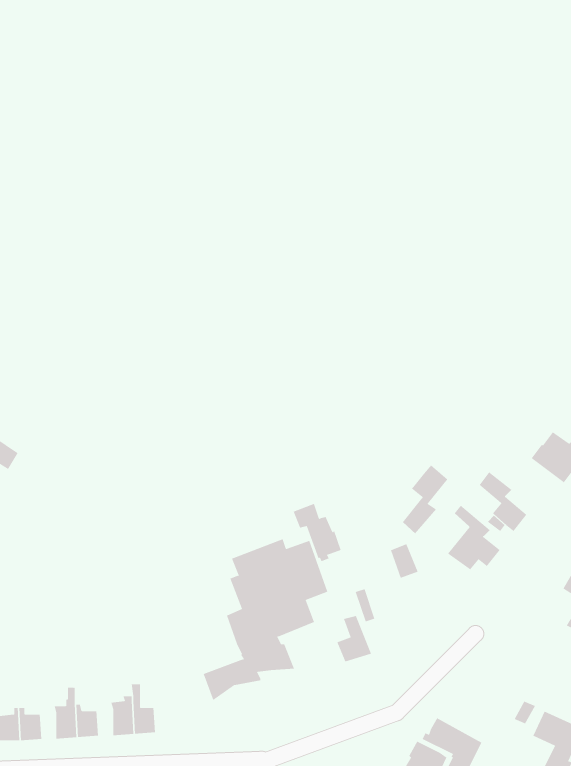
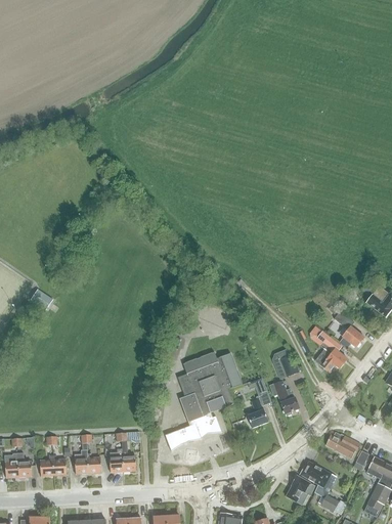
building: [402,464,448,534] -> none
building: [293,503,341,562] -> [269,380,299,416]
building: none -> [325,431,360,457]

